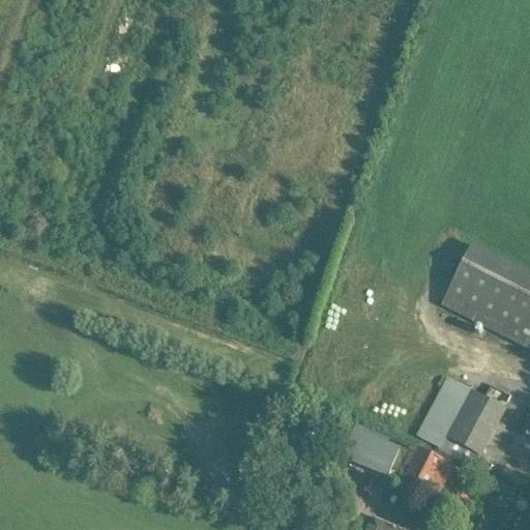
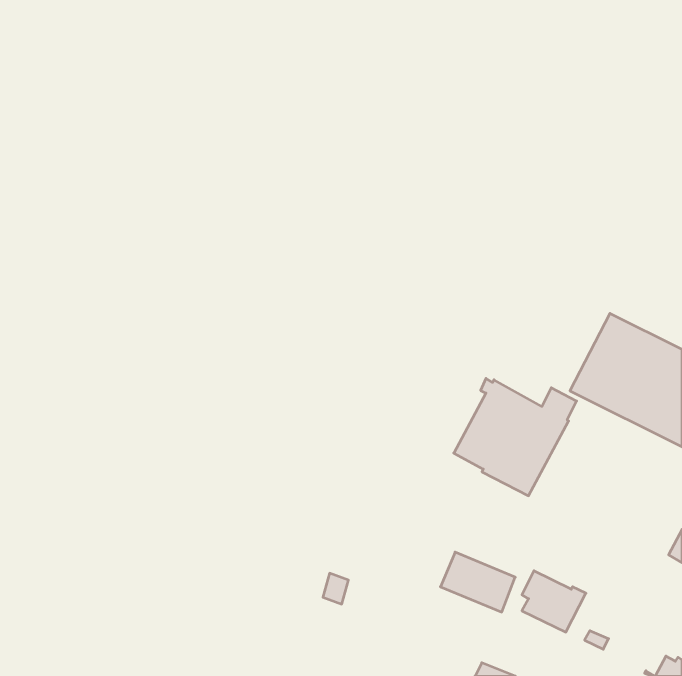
building: [416,375,511,466] -> [454,378,577,496]

